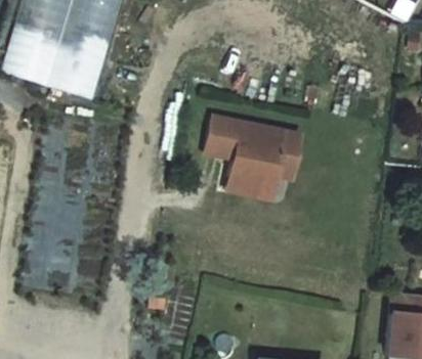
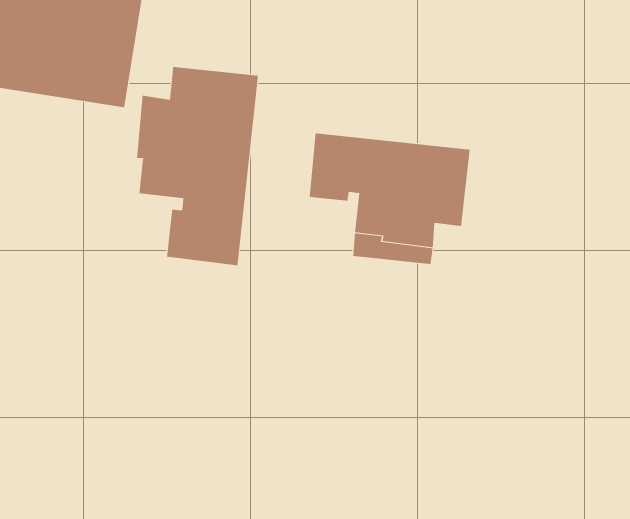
building: none -> [136,66,258,266]

